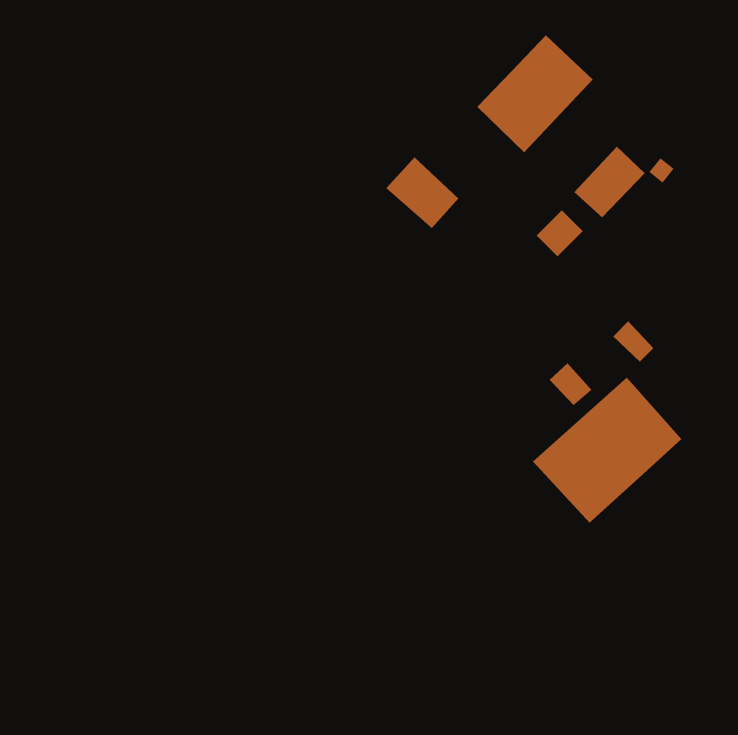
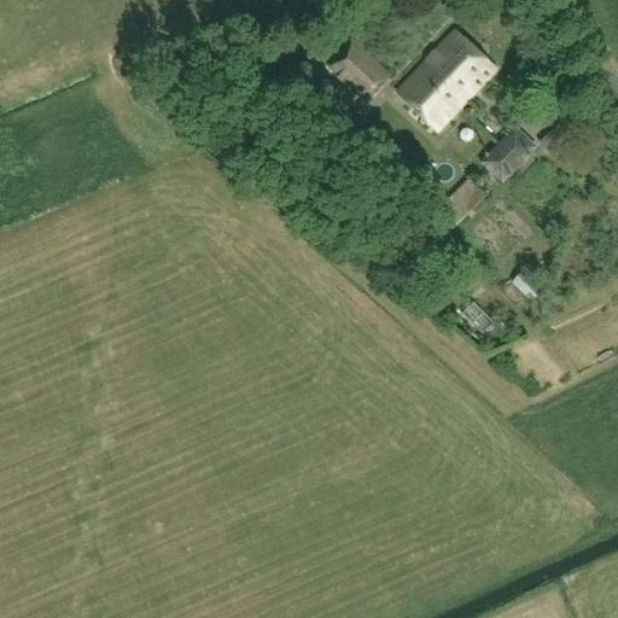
building: [386,156,459,229] -> [328,37,390,98]
building: [532,377,682,524] -> none

